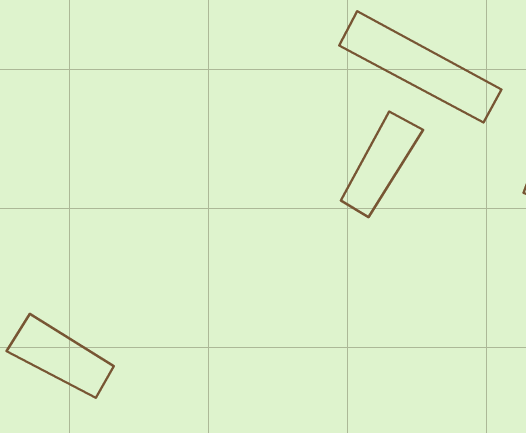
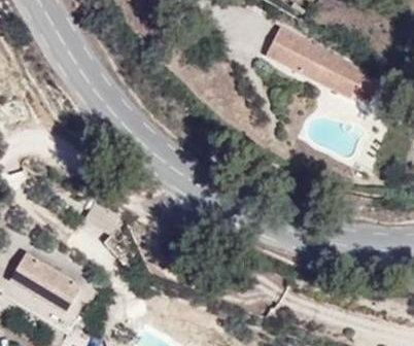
building: [341,112,423,217] -> none

